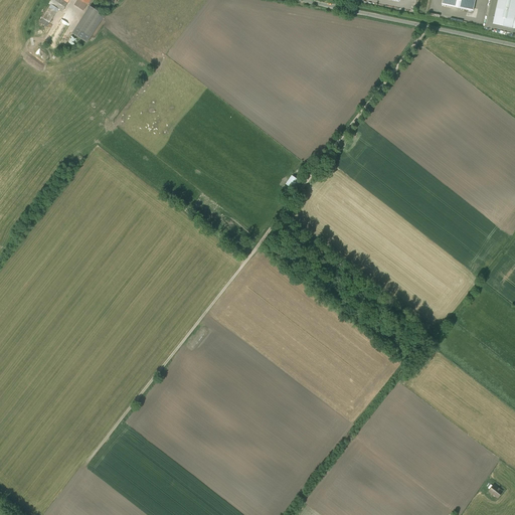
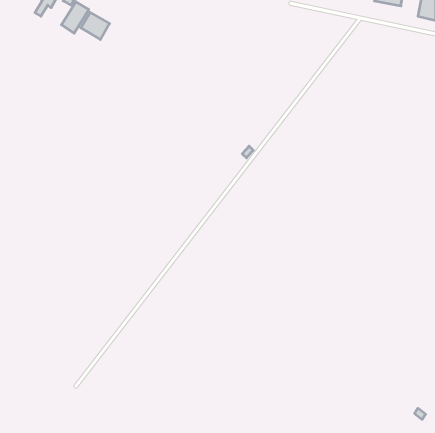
building: none -> [81,12,110,40]

